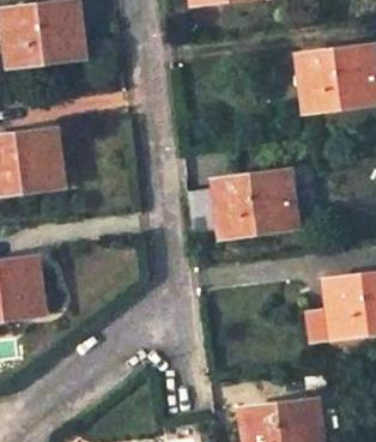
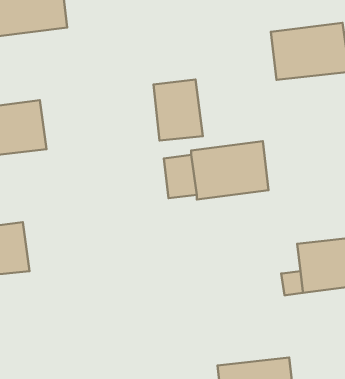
building: none -> [153,79,203,140]

